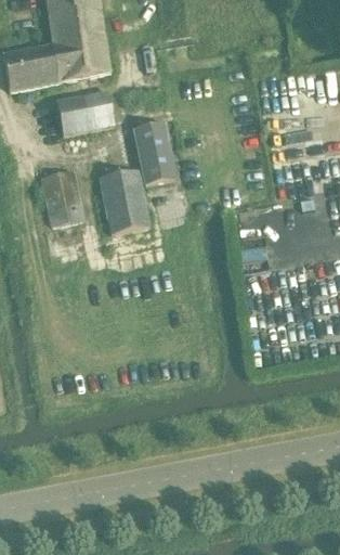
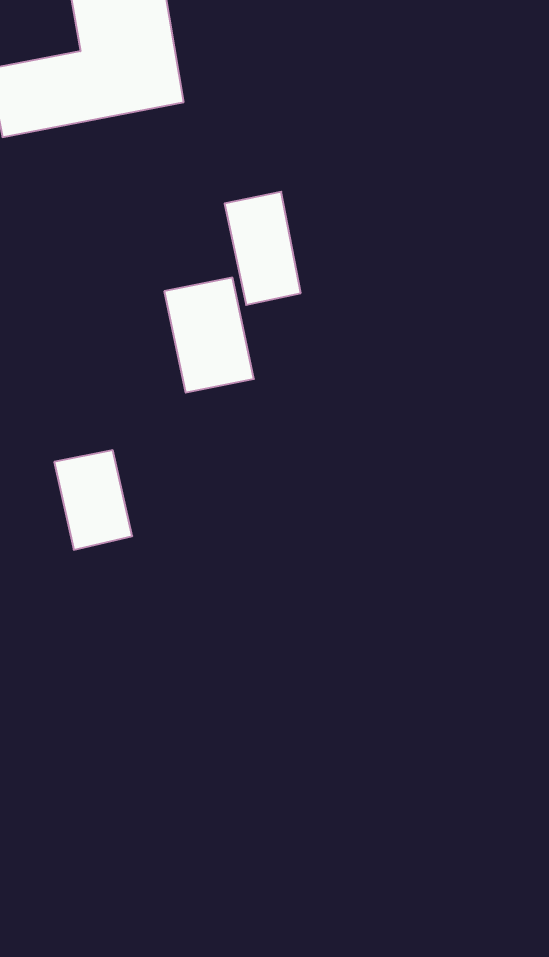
building: [55,91,113,134] -> none
building: [40,170,83,225] -> [54,450,132,550]

